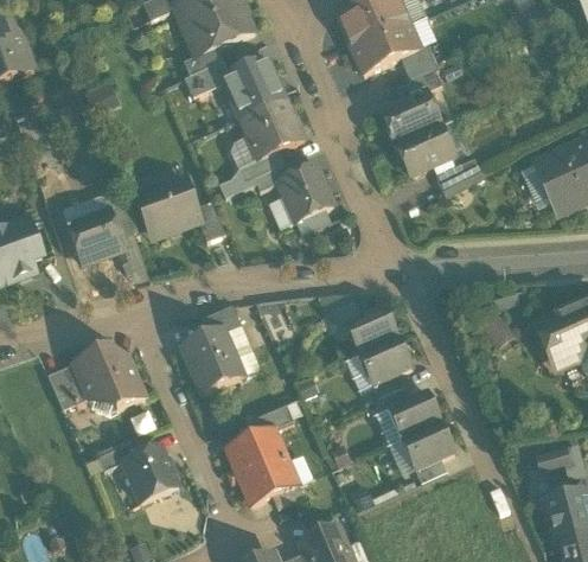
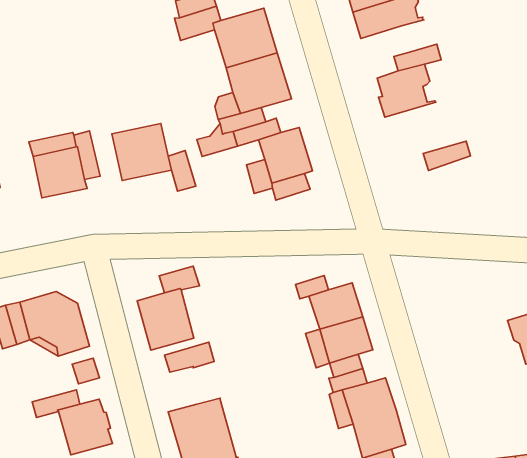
building: [400,44,439,81] -> none
building: [395,124,454,174] -> none
building: [245,404,293,438] -> [164,342,214,372]

